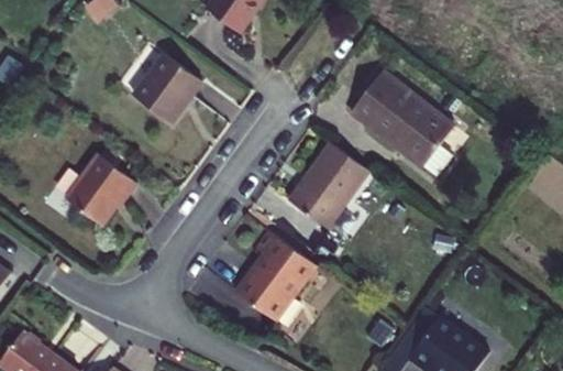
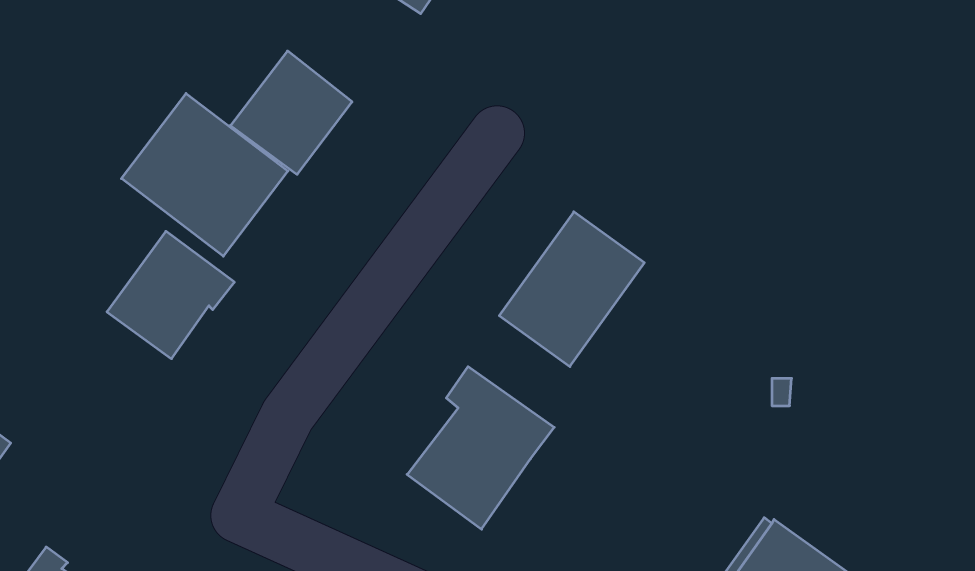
building: [350,68,454,166] -> none
building: none -> [121,93,288,256]

